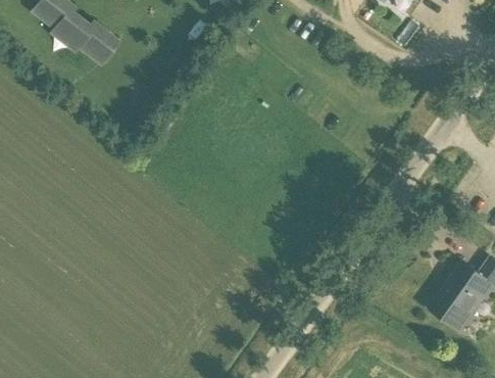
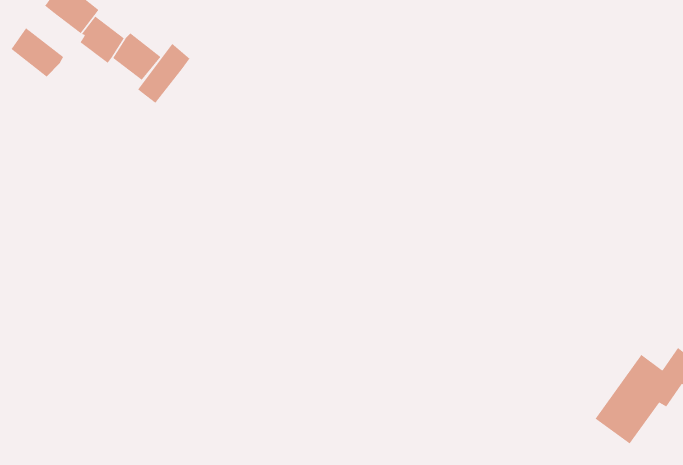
building: none -> [10,27,64,77]
building: none -> [137,43,191,104]

